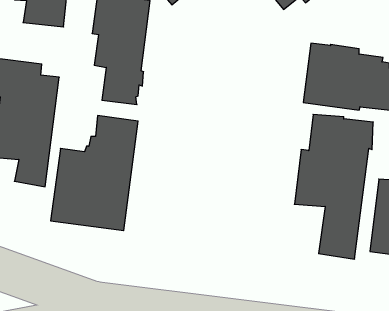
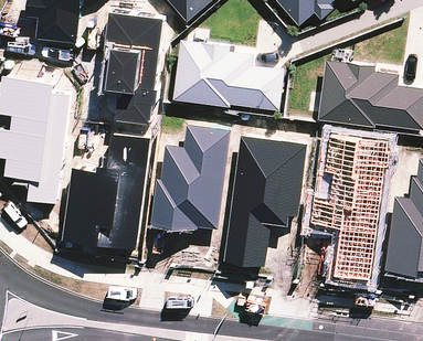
building: none -> [172,39,285,110]
building: none -> [149,124,231,230]
building: none -> [223,136,306,267]

